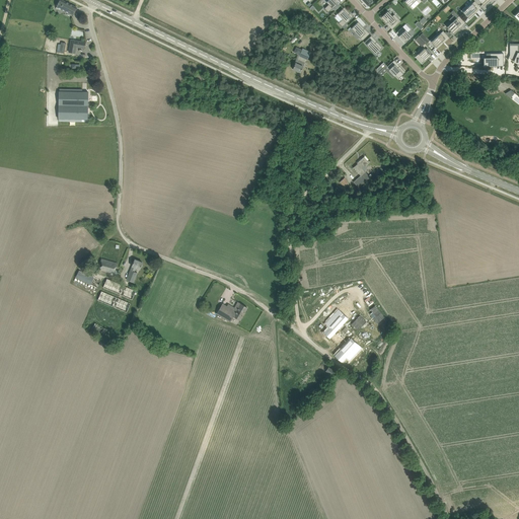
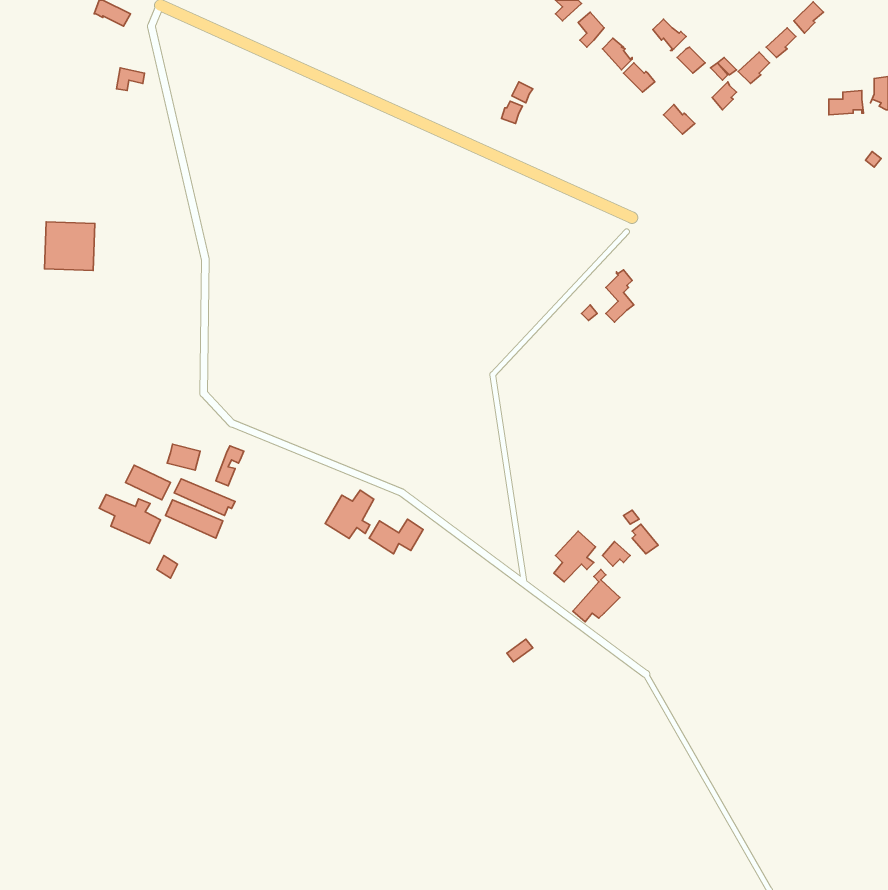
building: [58,91,87,120] -> [44,222,95,271]
building: none -> [325,490,374,538]
building: none -> [99,495,161,543]

